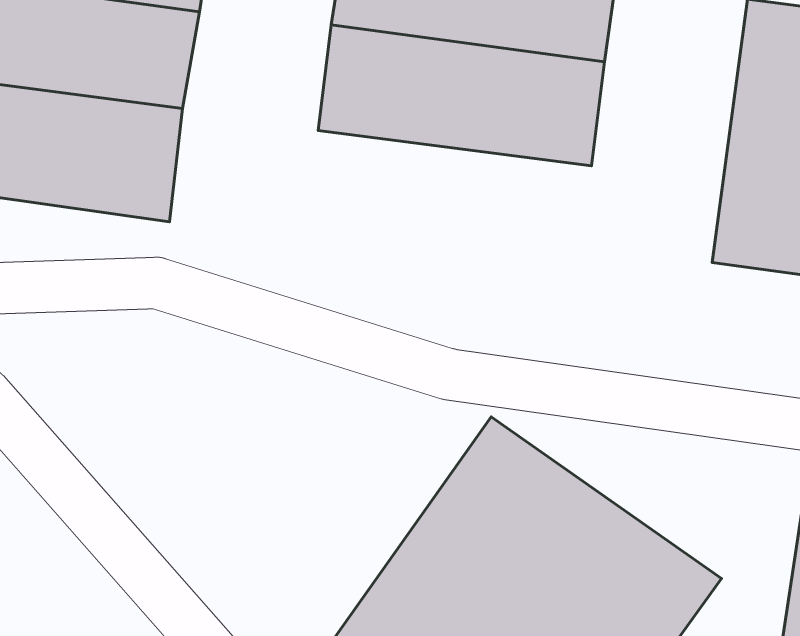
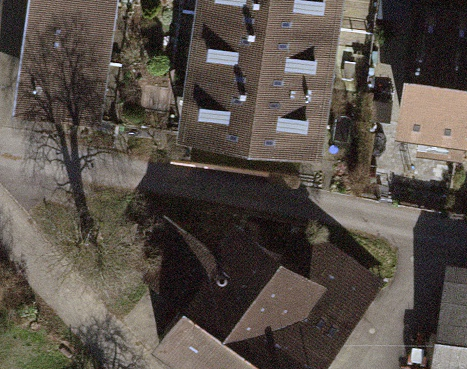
building: none -> [175,74,331,159]

